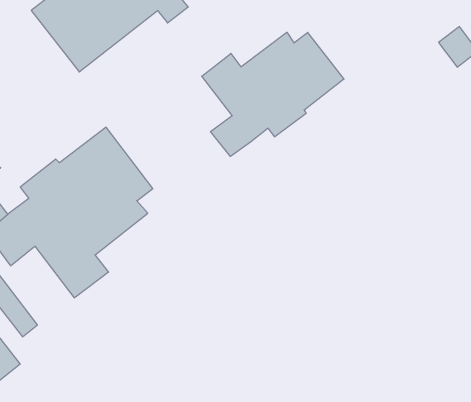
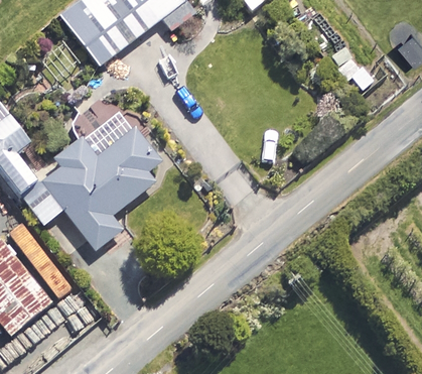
building: [202,32,344,156] -> none

